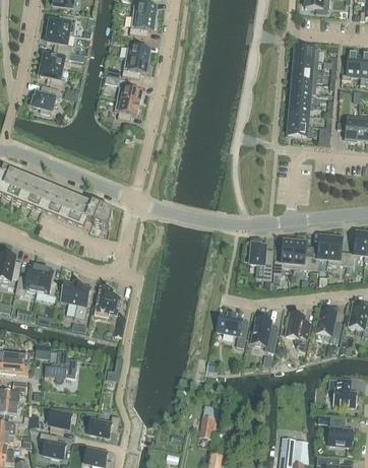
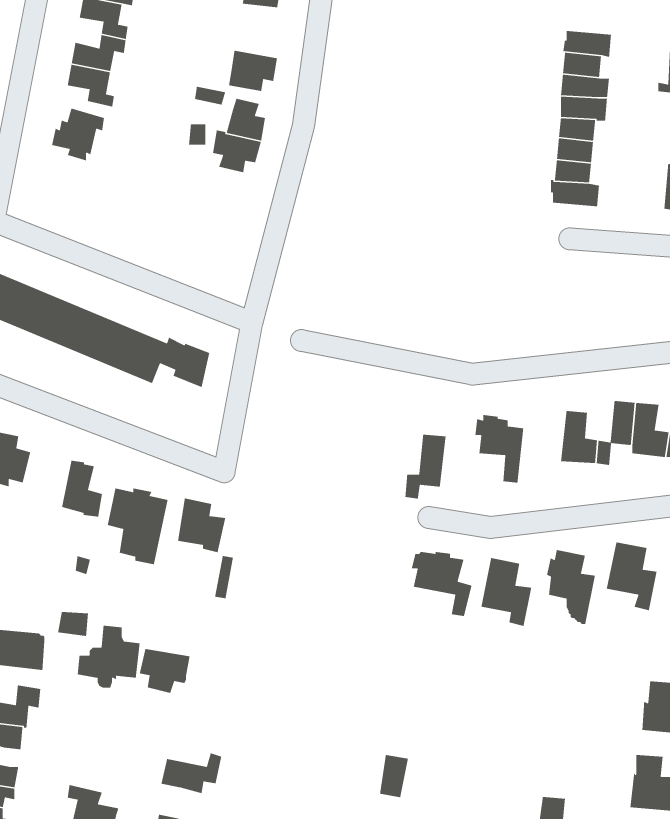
building: [125,40,150,61] -> none
building: [273,240,295,273] -> [405,434,446,500]
building: [15,264,42,293] -> none
building: [46,409,72,432] -> [139,648,191,694]

